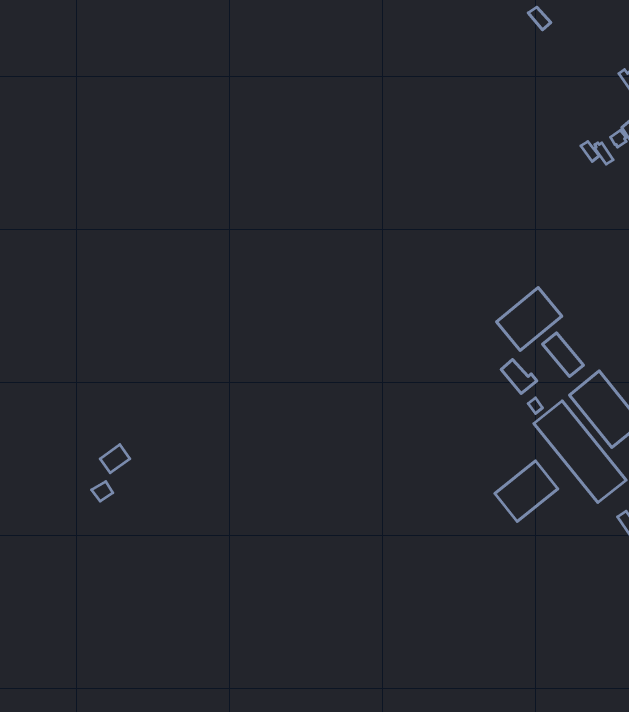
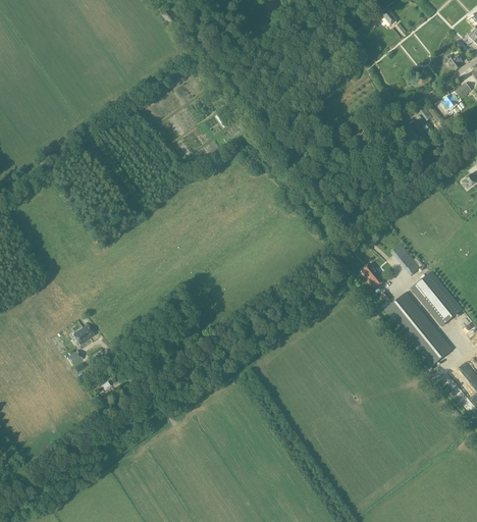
building: [496,287,562,350] -> none
building: [495,461,558,522] -> none

